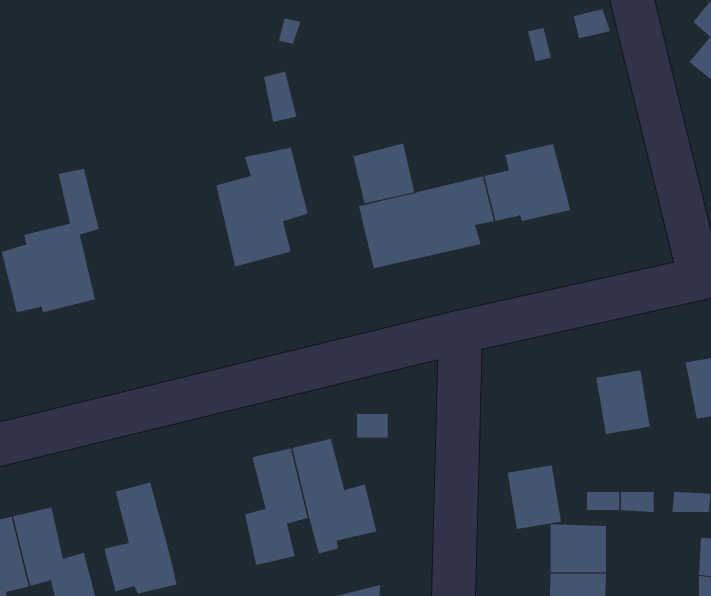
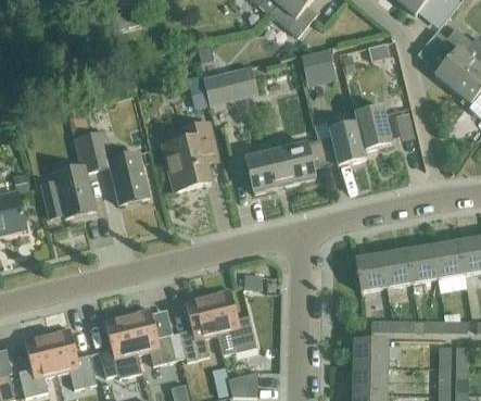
building: none -> [300,49,333,79]
building: none -> [354,105,392,150]
building: [353,143,415,204] -> [220,66,256,101]
building: none -> [88,131,149,204]
building: none -> [406,246,438,283]
building: [507,465,562,529] -> [354,254,385,291]
building: none -> [126,309,175,365]

